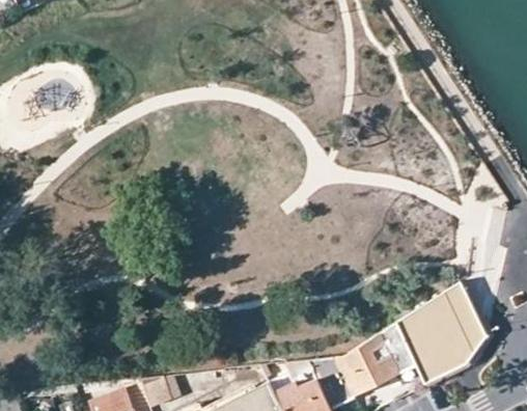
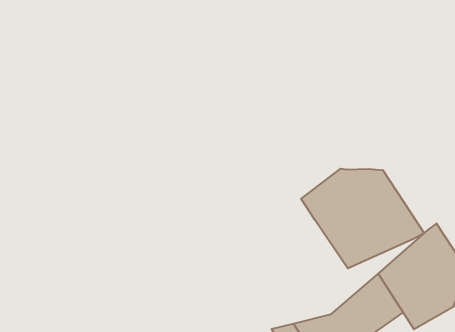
building: none -> [301,169,424,268]

